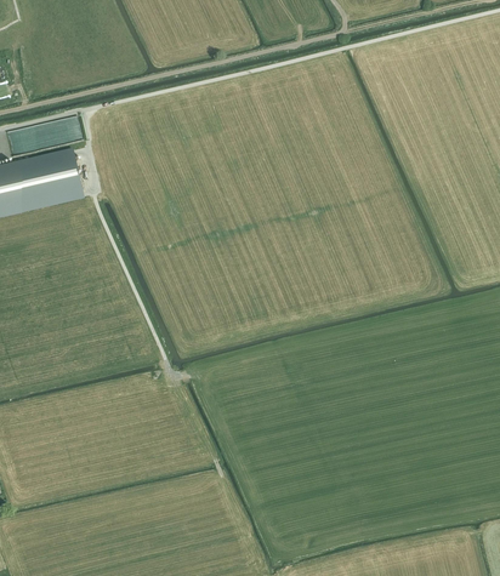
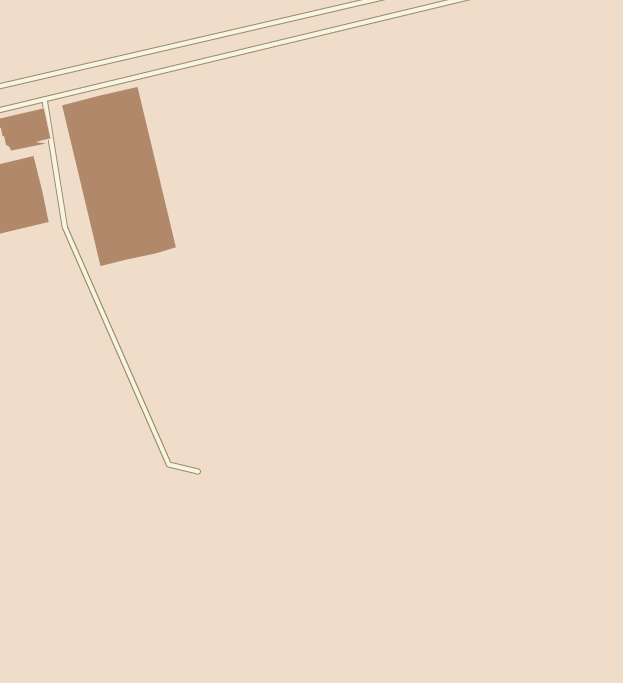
building: none -> [62,86,177,267]

